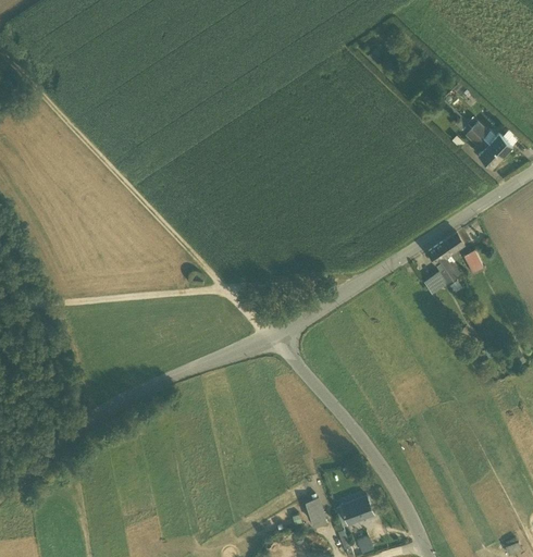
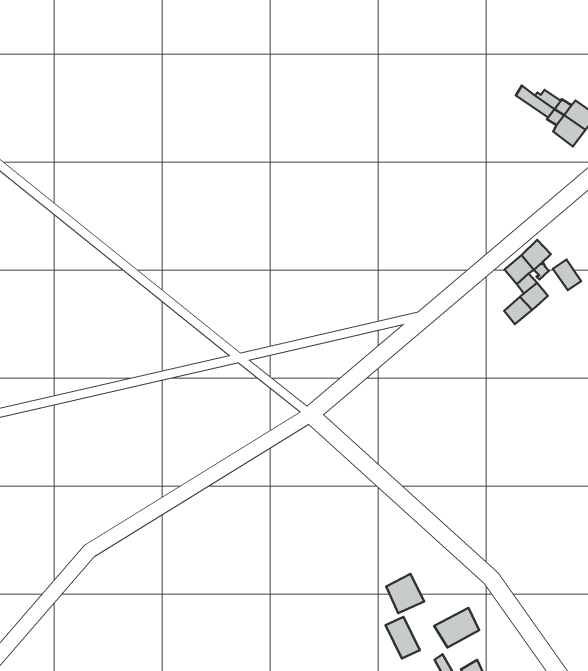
building: none -> [386,574,424,613]

